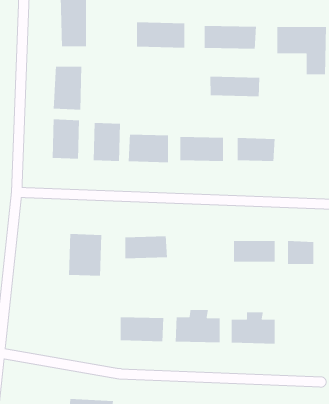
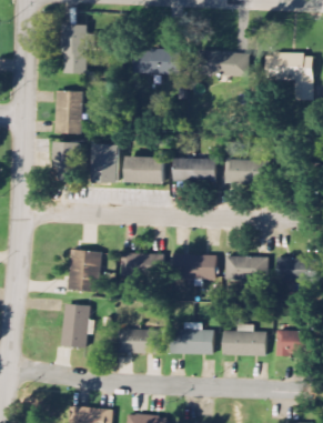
building: [210,76,260,97] -> none
building: none -> [173,253,214,279]
building: none -> [62,303,94,348]
building: none -> [275,330,303,355]

